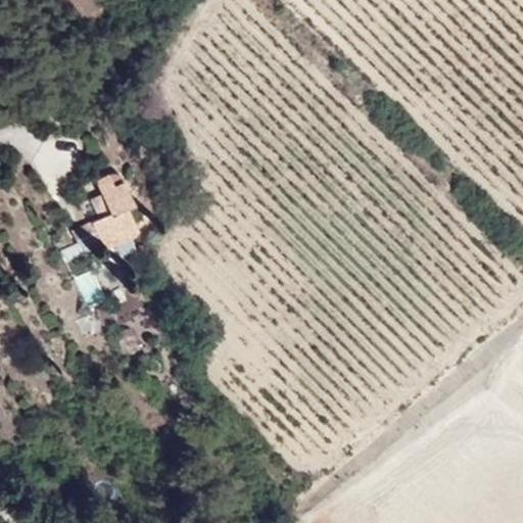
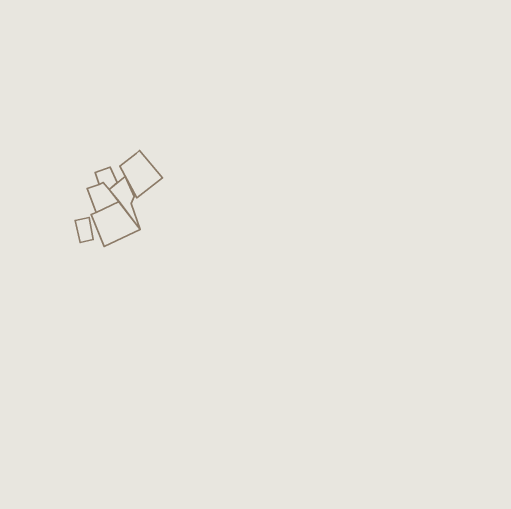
building: none -> [120,151,163,198]

